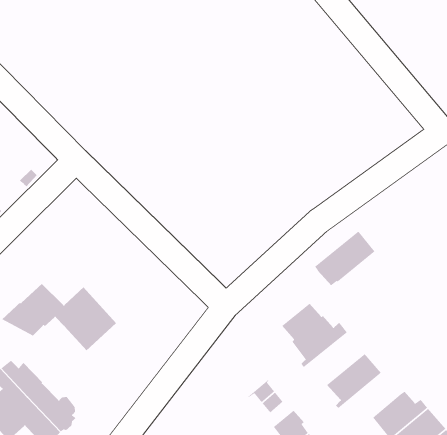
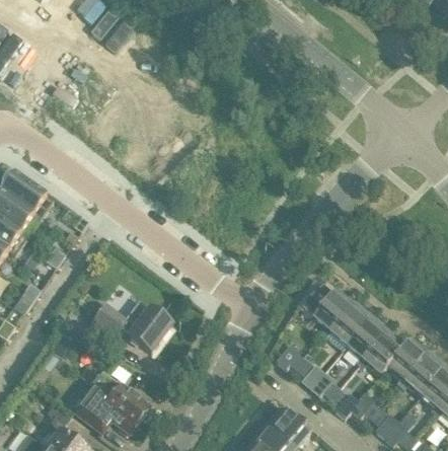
building: [314,231,376,286] -> [323,301,370,349]
building: none -> [357,328,403,374]

